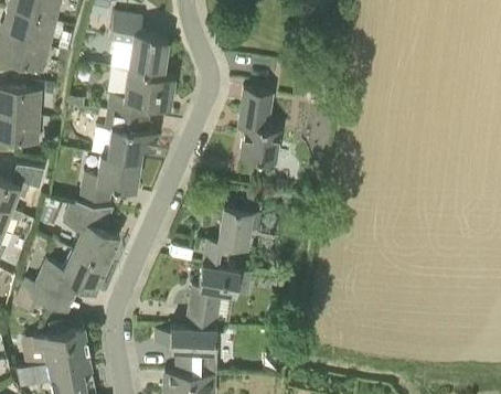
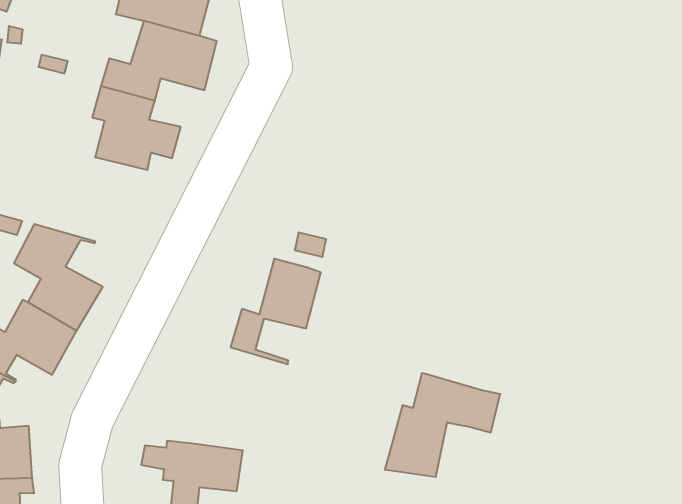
building: [238,89,281,163] -> none
building: [79,156,140,202] -> none
building: [185,265,252,328] -> [385,373,500,477]

